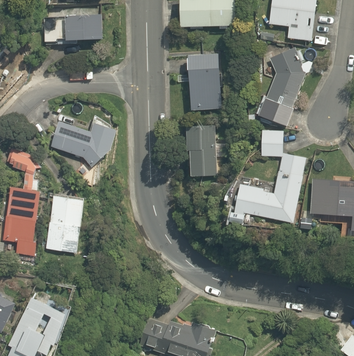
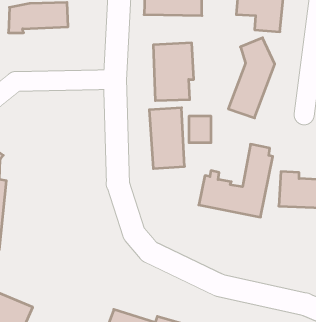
building: [50,119,114,164] -> none
building: [259,130,281,156] -> [189,116,211,143]
building: [46,194,83,255] -> none

